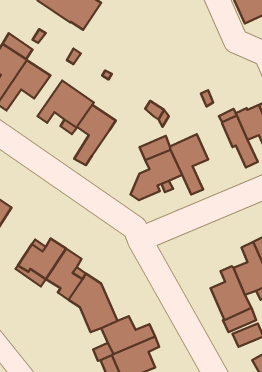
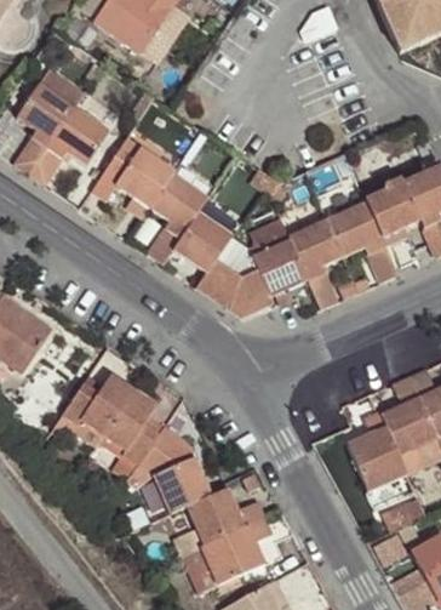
building: none -> [327,201,397,280]
building: none -> [172,211,242,307]

